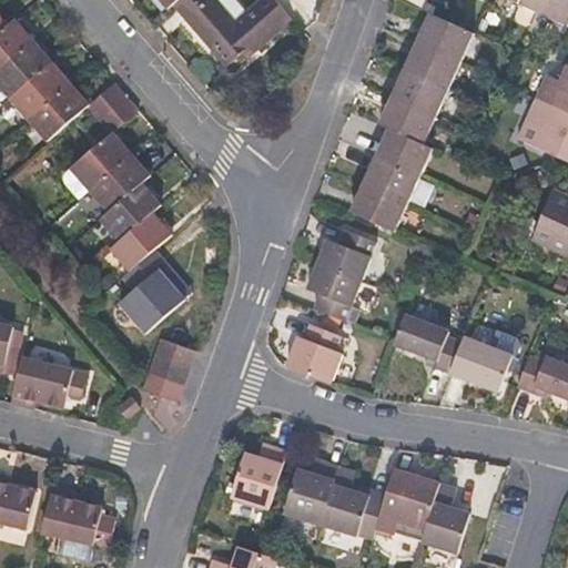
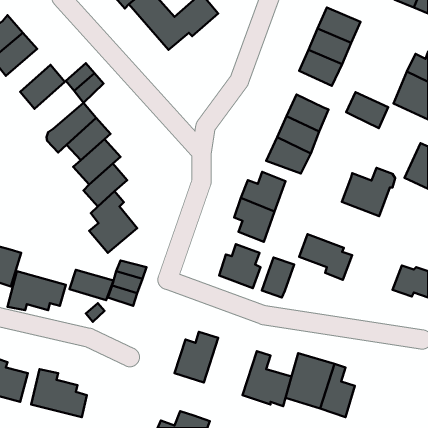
building: [8,64,67,121] -> none
building: [382,93,437,141] -> [346,92,388,128]
building: [452,324,521,387] -> [342,168,395,216]
building: none -> [262,257,294,298]
building: none -> [70,270,114,300]
building: [284,455,338,520] -> none

